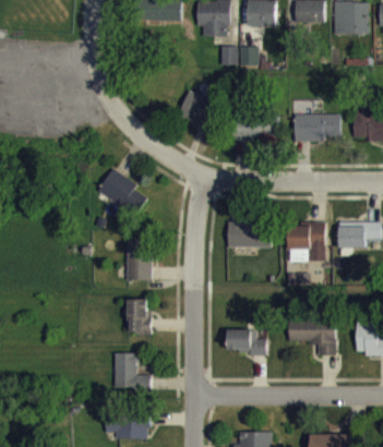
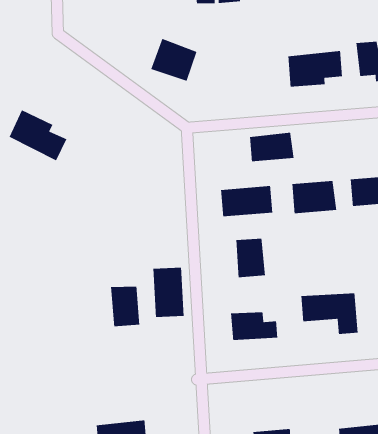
building: [238,119,275,142] -> [249,132,294,162]
building: [98,169,148,216] -> [8,109,67,161]
building: [127,238,153,281] -> [152,267,184,318]
building: none -> [236,238,266,278]
building: [115,353,152,389] -> none

